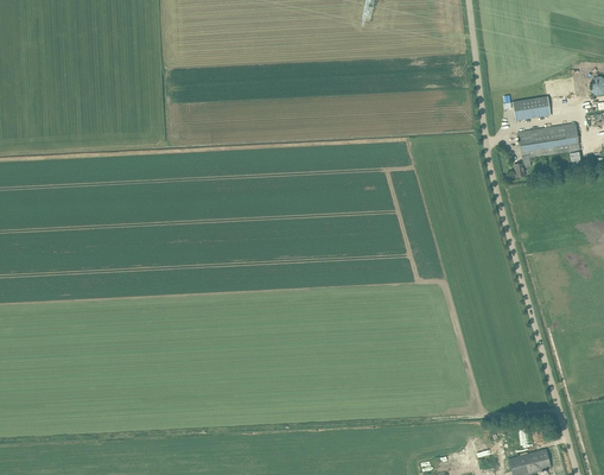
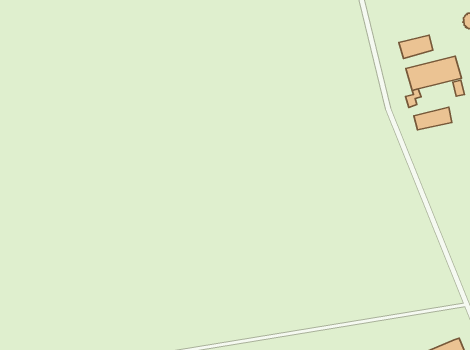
building: none -> [414,107,452,130]

